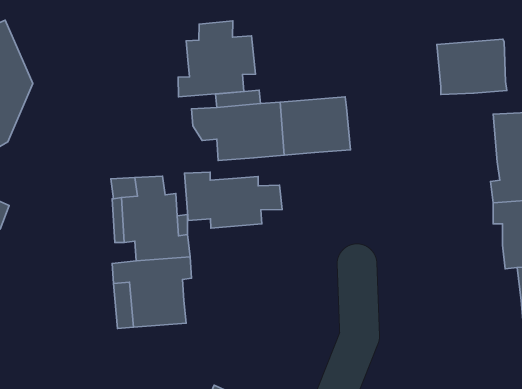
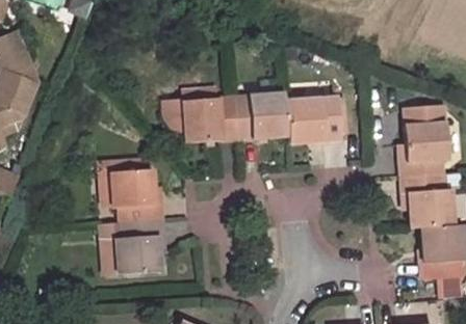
building: [178,21,255,97] -> none
building: [437,39,507,95] -> [285,98,340,141]
building: [185,172,282,228] -> none

